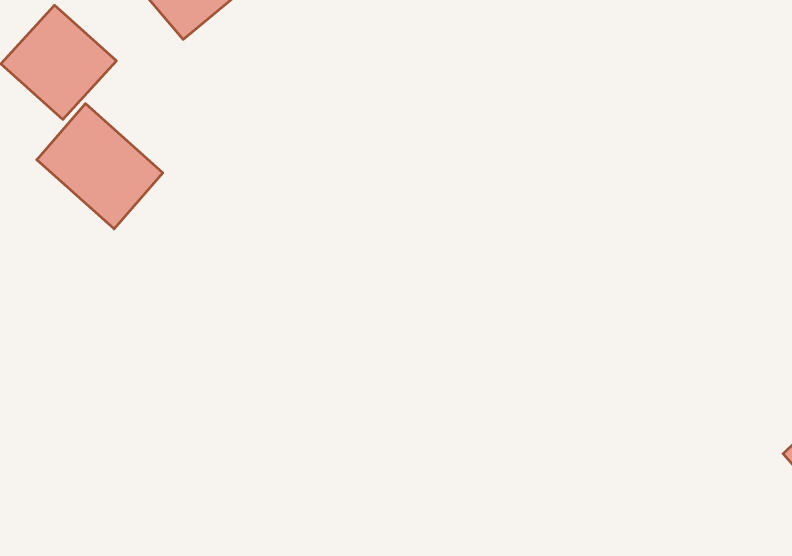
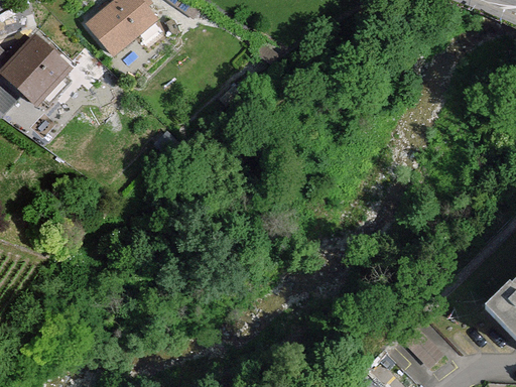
building: [37,104,163,229] -> none

